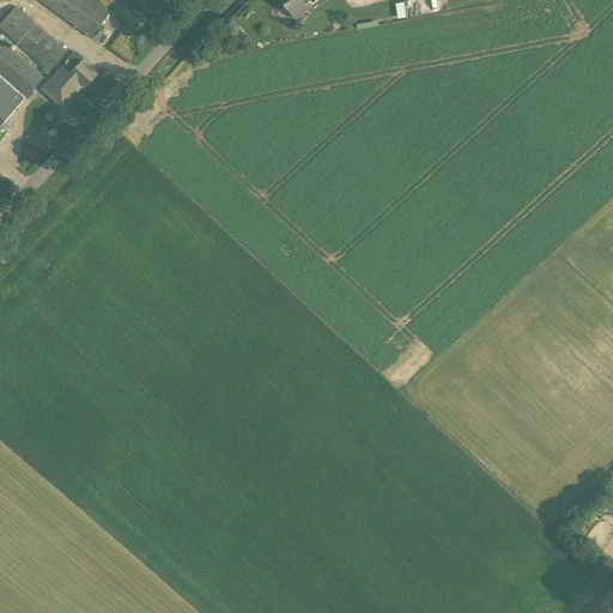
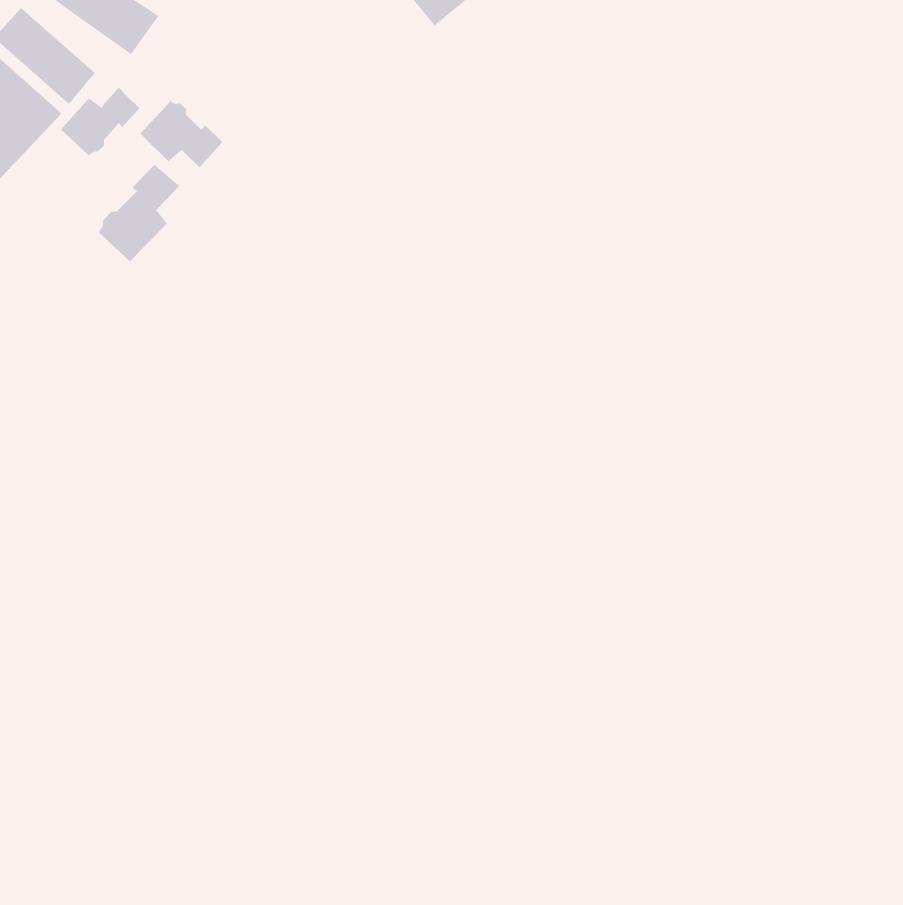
building: none -> [139,100,223,168]
building: none -> [98,164,180,262]

